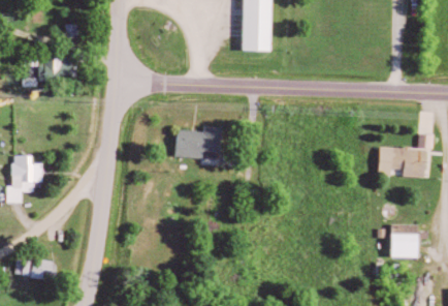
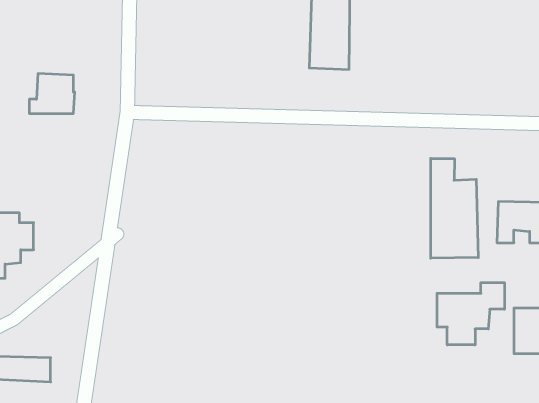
building: none -> [431,158,478,258]
building: [174,126,222,158] -> none
building: none -> [437,283,504,345]

